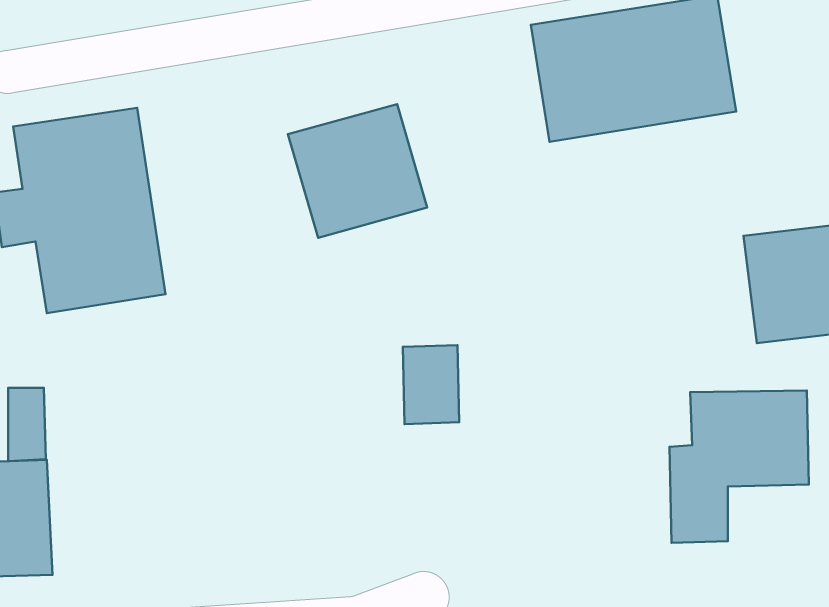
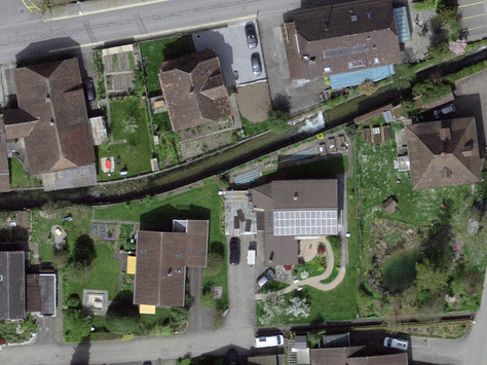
building: [8,388,46,461] -> [33,275,53,315]
building: [669,390,809,543] -> [265,181,341,264]
building: none -> [130,219,210,304]

